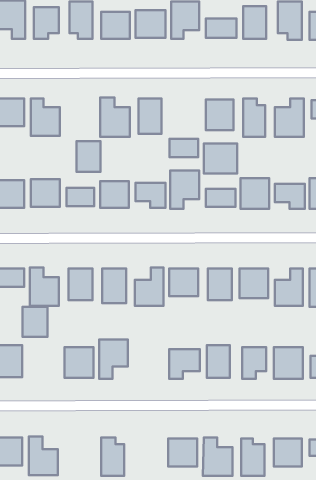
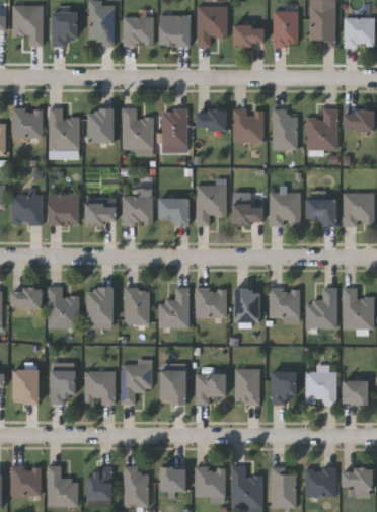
building: [170,139,198,157] -> [197,109,227,129]
building: [76,141,100,172] -> [89,109,115,142]
building: [204,144,237,174] -> none
building: [22,307,47,337] -> [50,370,76,401]
building: none -> [160,370,187,404]
building: none -> [86,466,112,501]
building: none -> [160,467,186,491]

